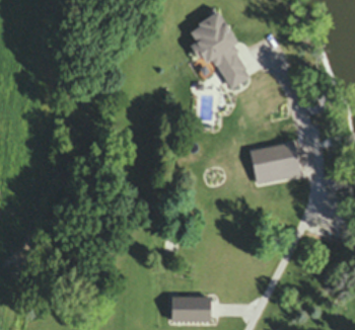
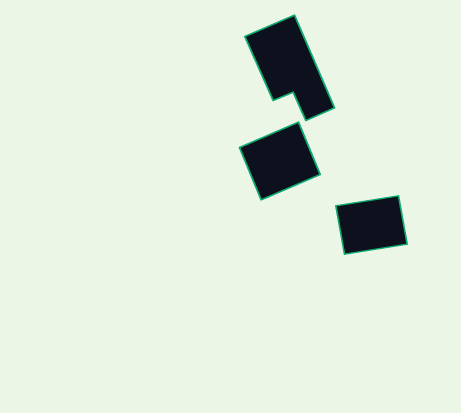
building: none -> [240,122,320,200]

